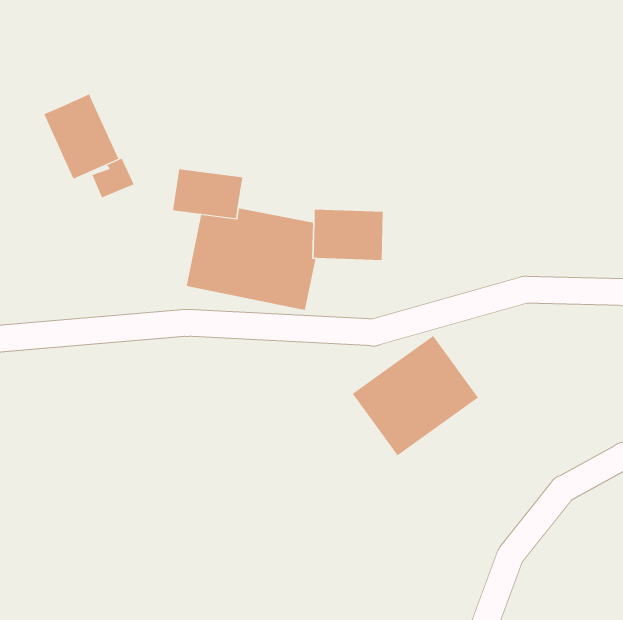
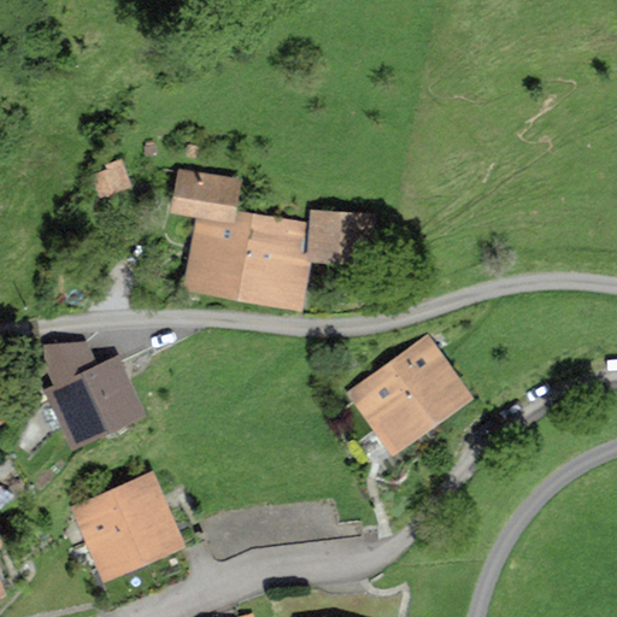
building: [44,94,119,179] -> none
building: none -> [43,345,145,445]
building: none -> [70,470,186,580]

